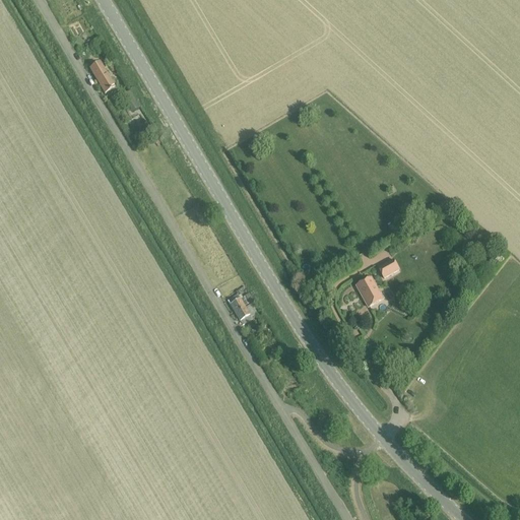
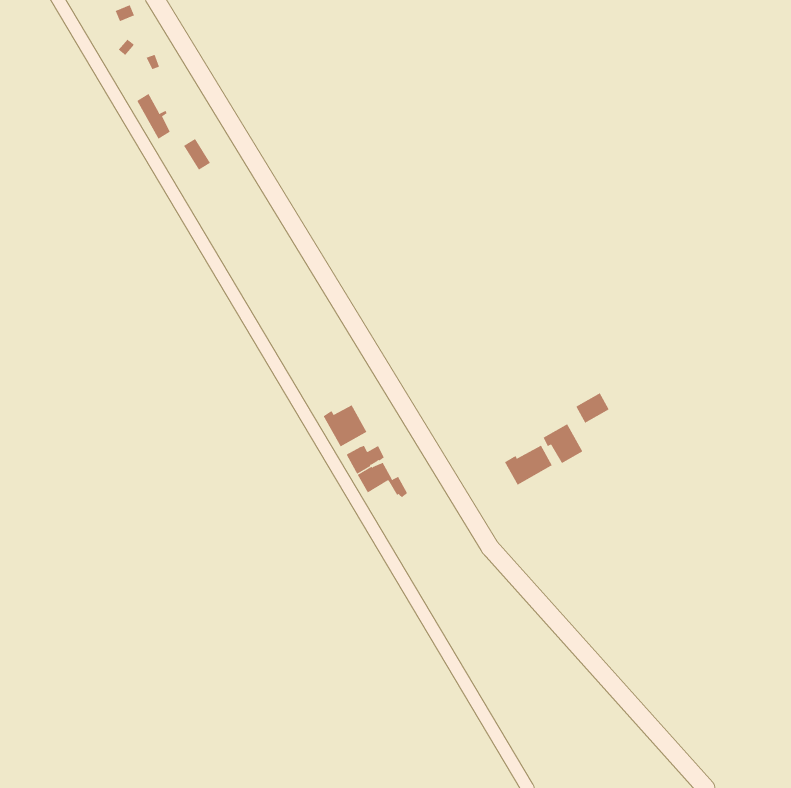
building: none -> [323,404,367,447]
building: none -> [504,445,552,485]

